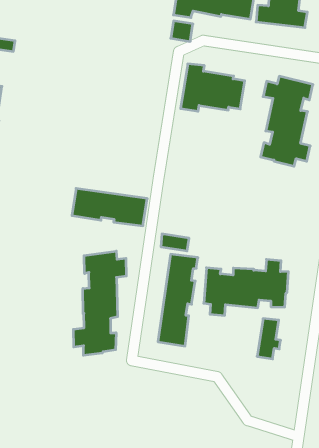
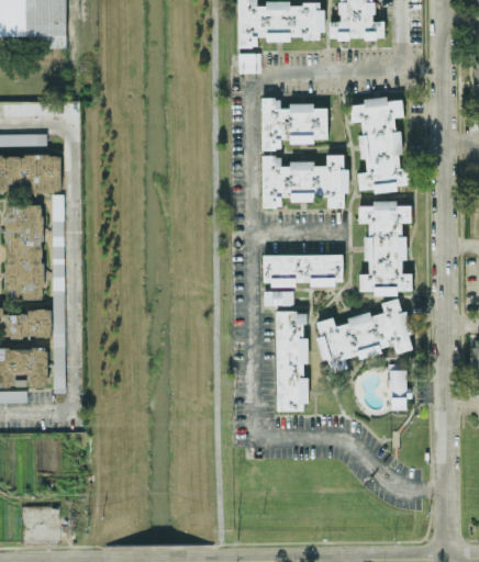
building: none -> [261,155,348,207]
building: none -> [357,200,413,297]
building: [72,188,147,226] -> [263,254,343,285]
building: [73,251,126,355] -> none

